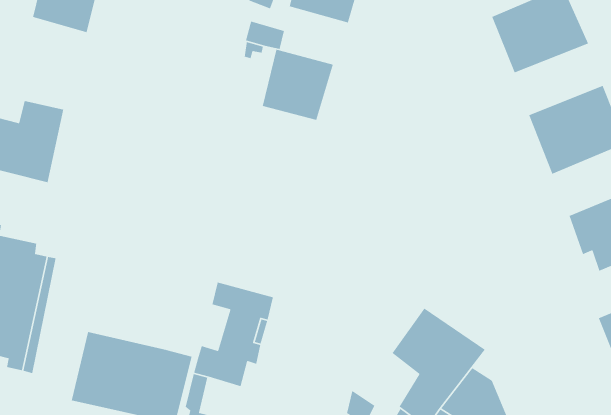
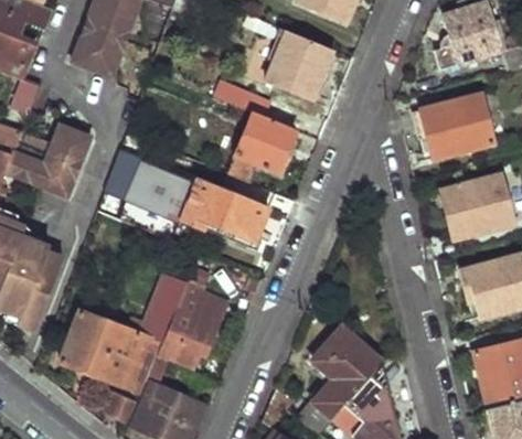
building: none -> [98,150,269,240]
building: none -> [140,275,187,342]

